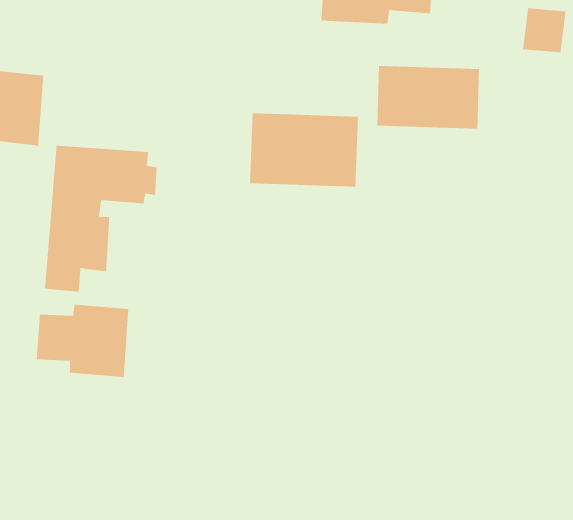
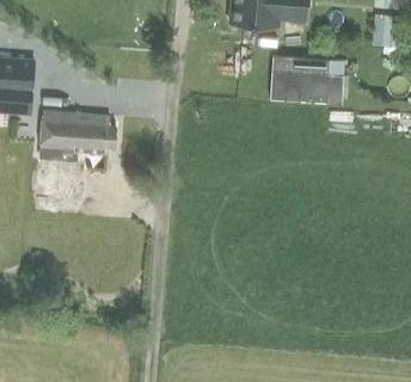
building: [249,113,359,187] -> none
building: [36,304,129,378] -> none

